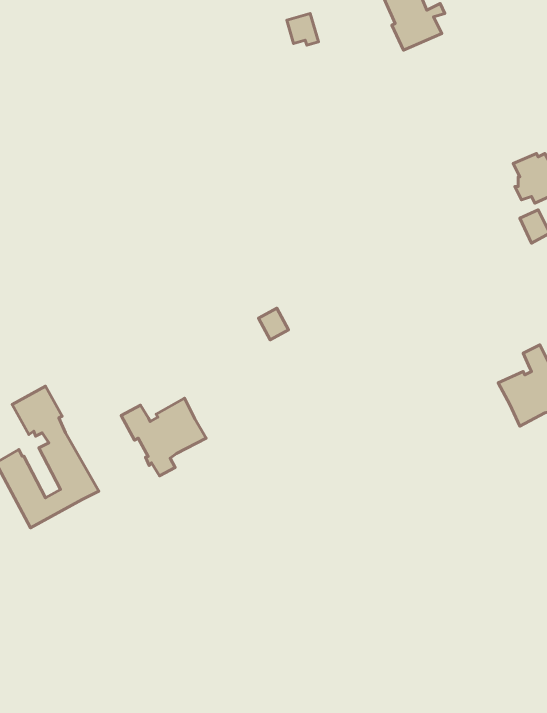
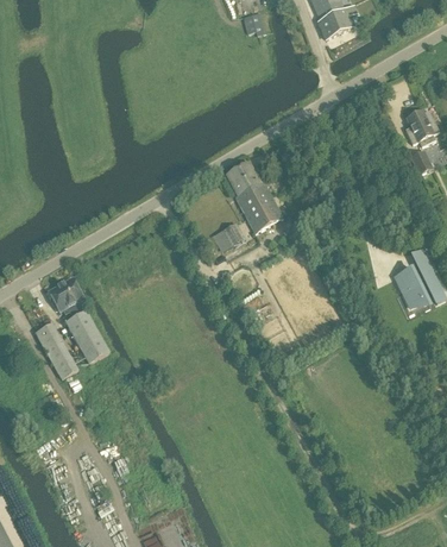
building: none -> [225,162,282,232]
building: [121,398,206,476] -> none

